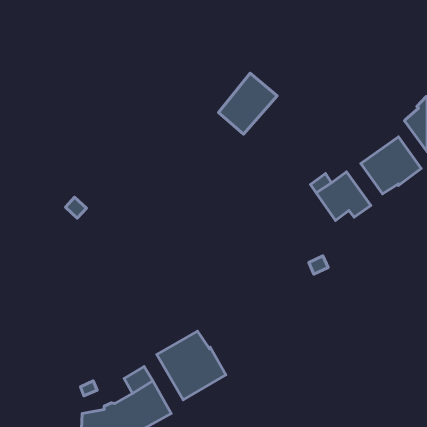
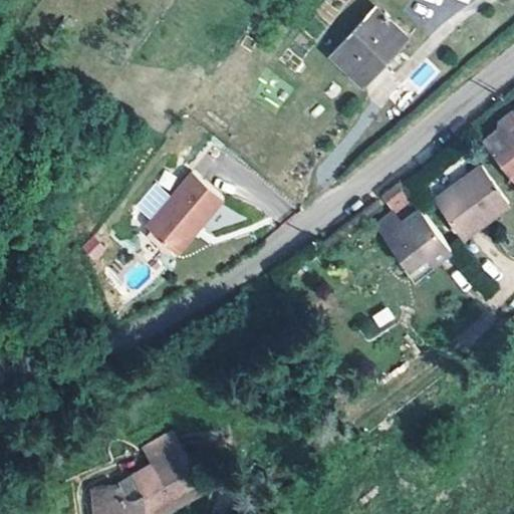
building: [218,73,277,134] -> [335,9,406,82]
building: none -> [148,173,224,255]
building: [157,331,226,400] -> none

